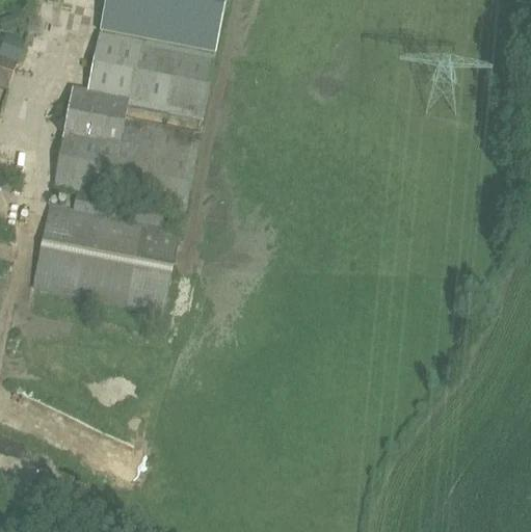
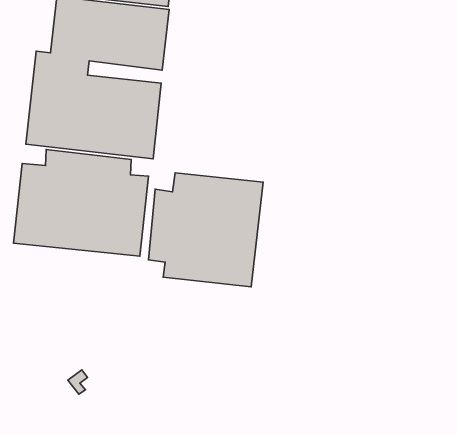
building: none -> [149,173,263,287]

